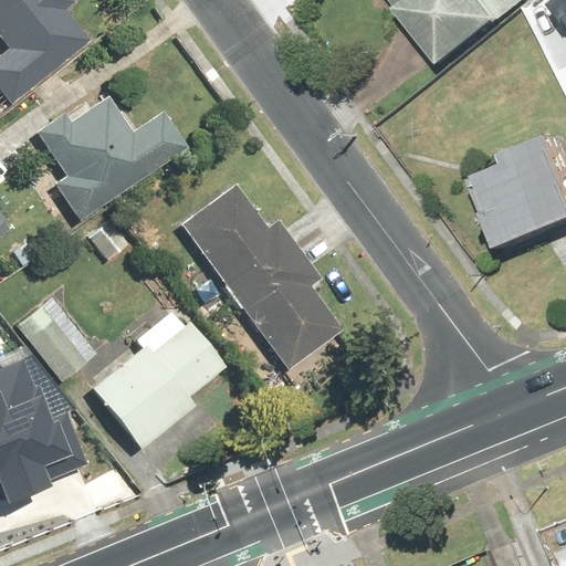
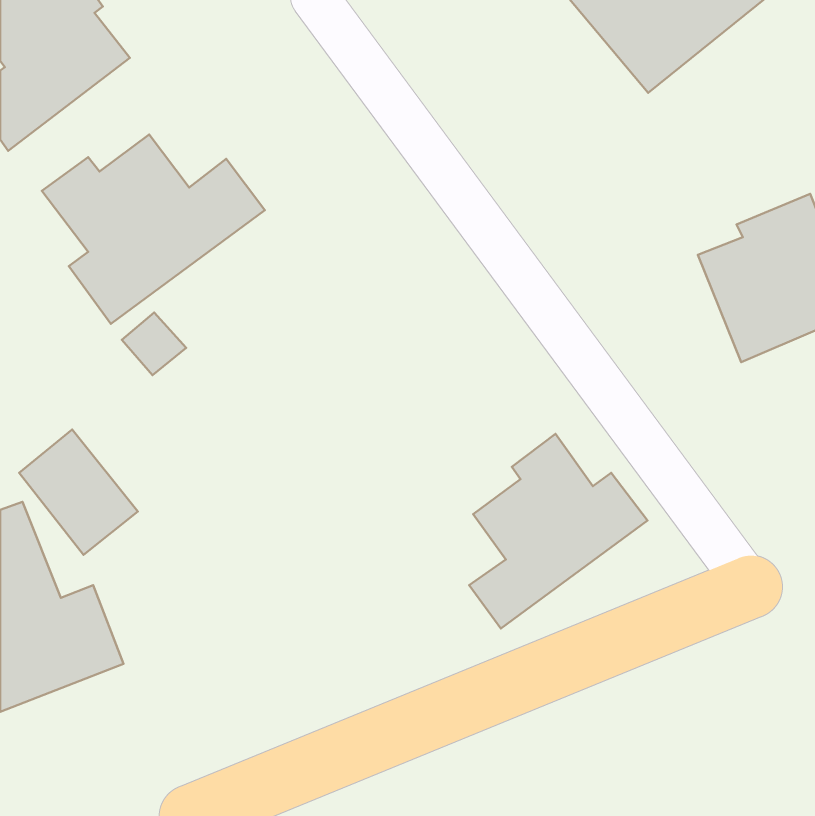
building: [179,182,344,371] -> none
building: none -> [469,434,647,629]
building: [90,307,226,450] -> none

